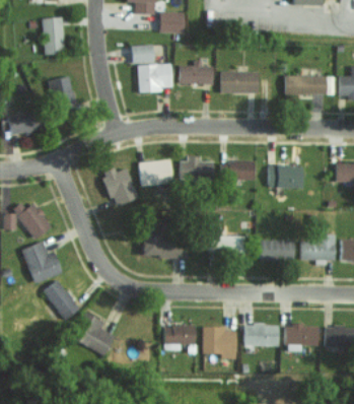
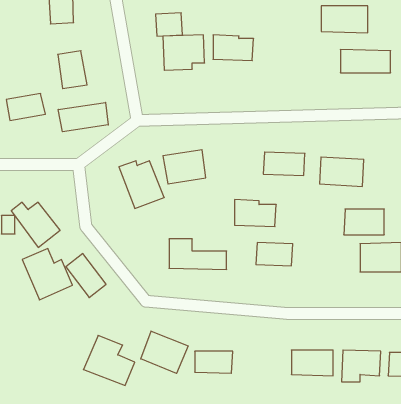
building: [220,71,259,93] -> [321,6,368,33]
building: none -> [58,102,108,132]
building: [181,157,215,180] -> [235,200,276,227]
building: [260,240,293,261] -> [344,209,384,235]
building: [44,280,77,317] -> [66,254,106,298]
building: none -> [141,331,188,373]
building: [202,326,236,358] -> none

